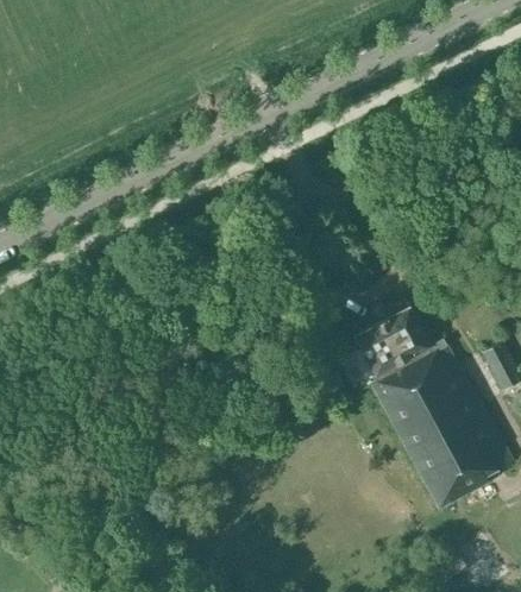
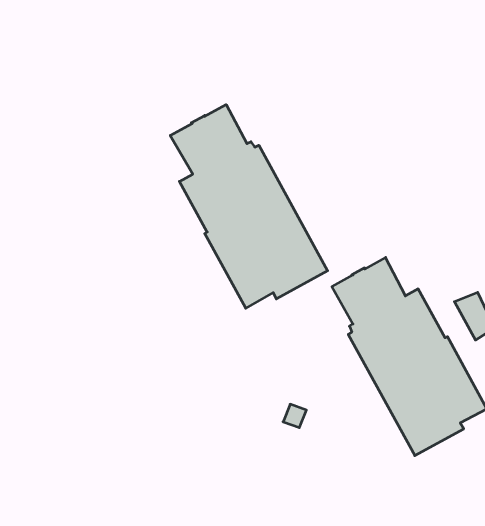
building: none -> [170,105,328,308]

